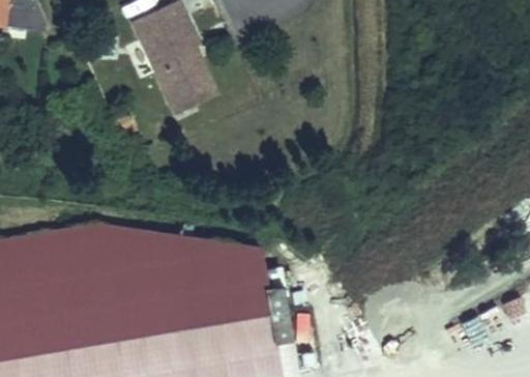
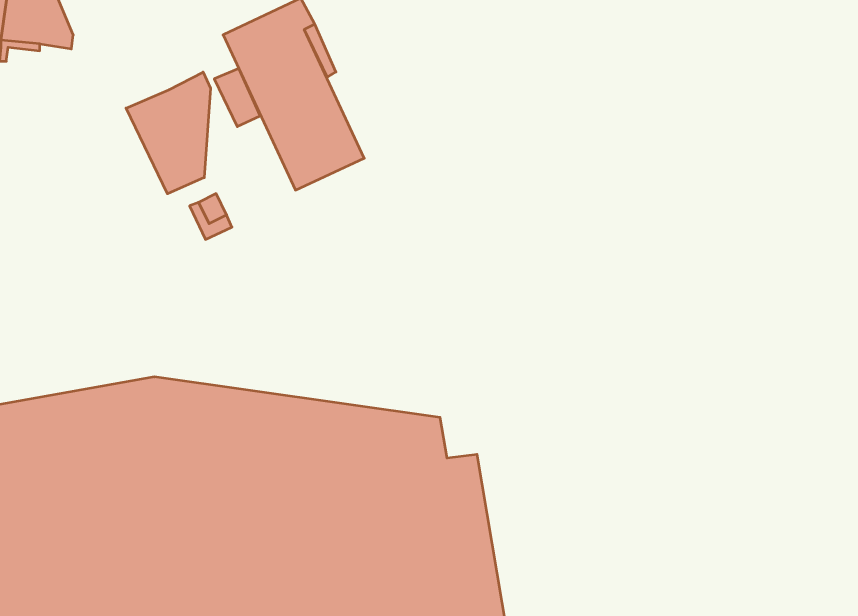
building: none -> [126,72,211,194]

